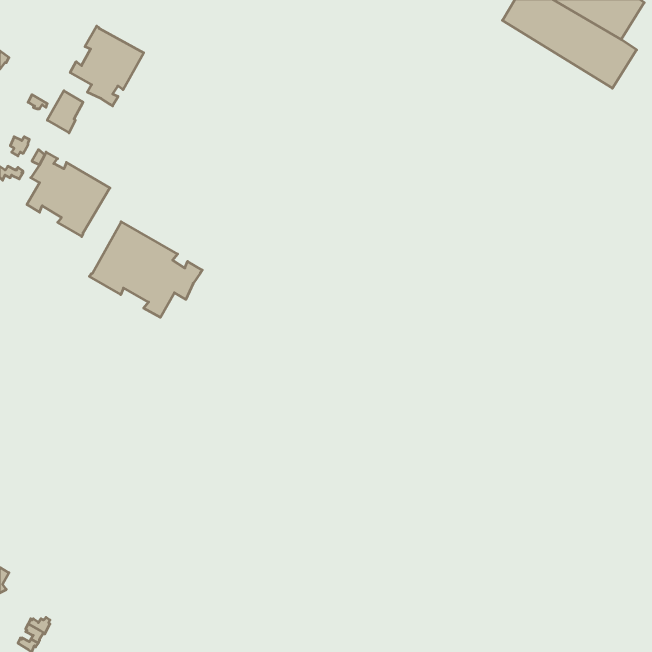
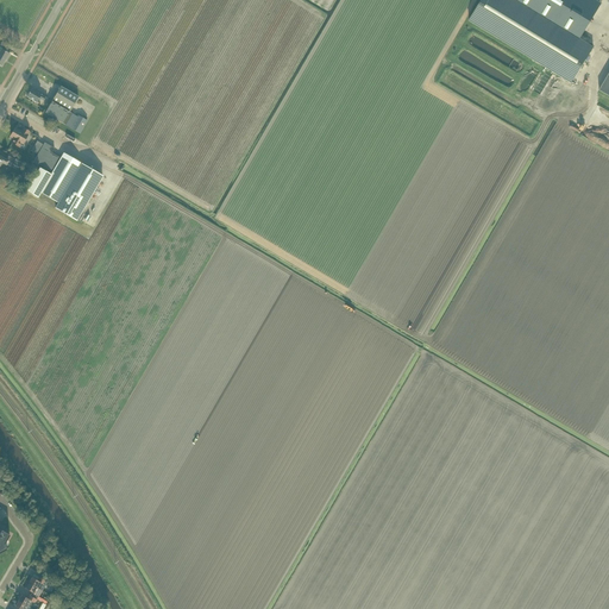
building: [70,26,144,106] -> none
building: [89,222,202,317] -> none

